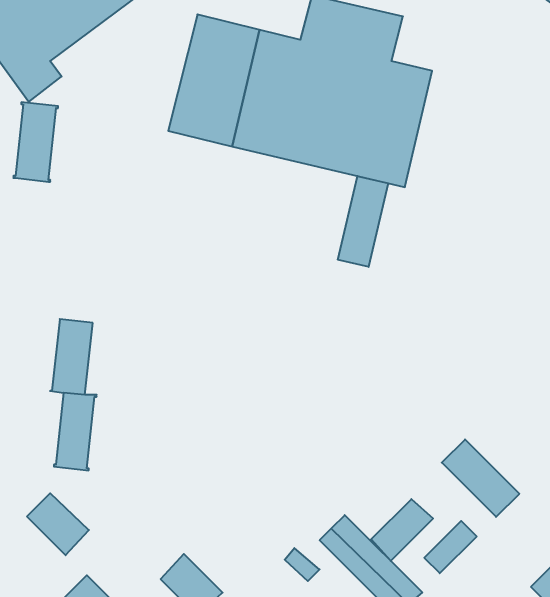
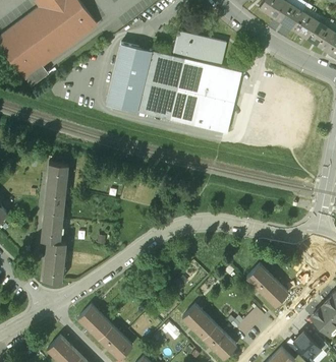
building: [13,102,58,182] -> [46,162,69,203]
building: [338,176,388,267] -> none
building: [27,493,89,555] -> [79,305,112,338]
building: [371,499,433,561] -> none

